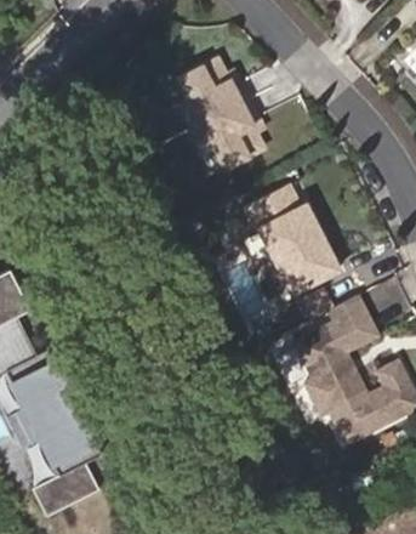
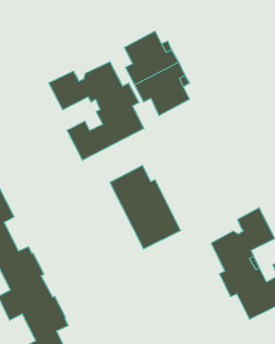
building: none -> [49,62,144,160]
building: [246,184,341,296] -> [110,165,181,249]

